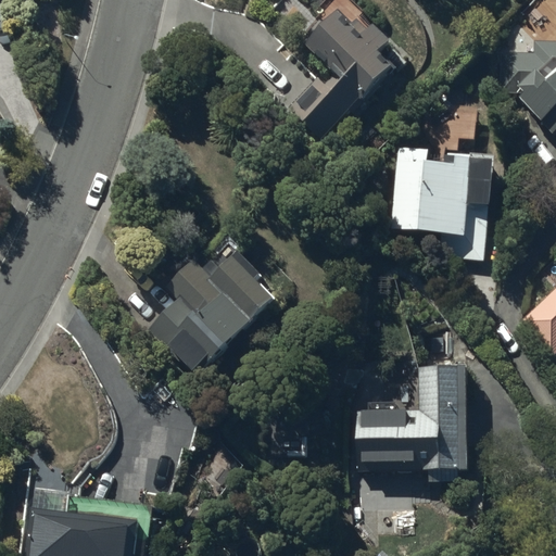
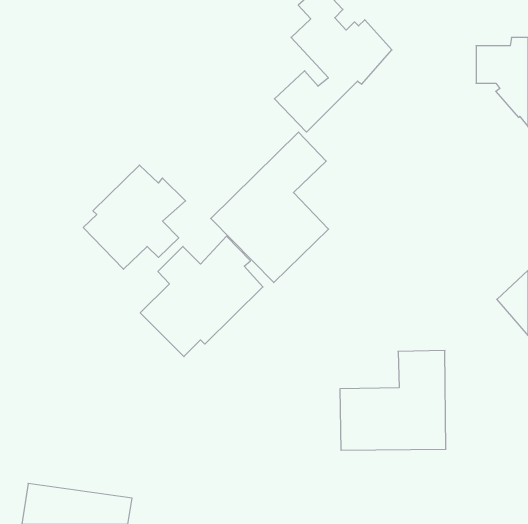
building: [392,100,493,256] -> none
building: none -> [211,132,329,283]
building: none -> [83,165,186,269]

